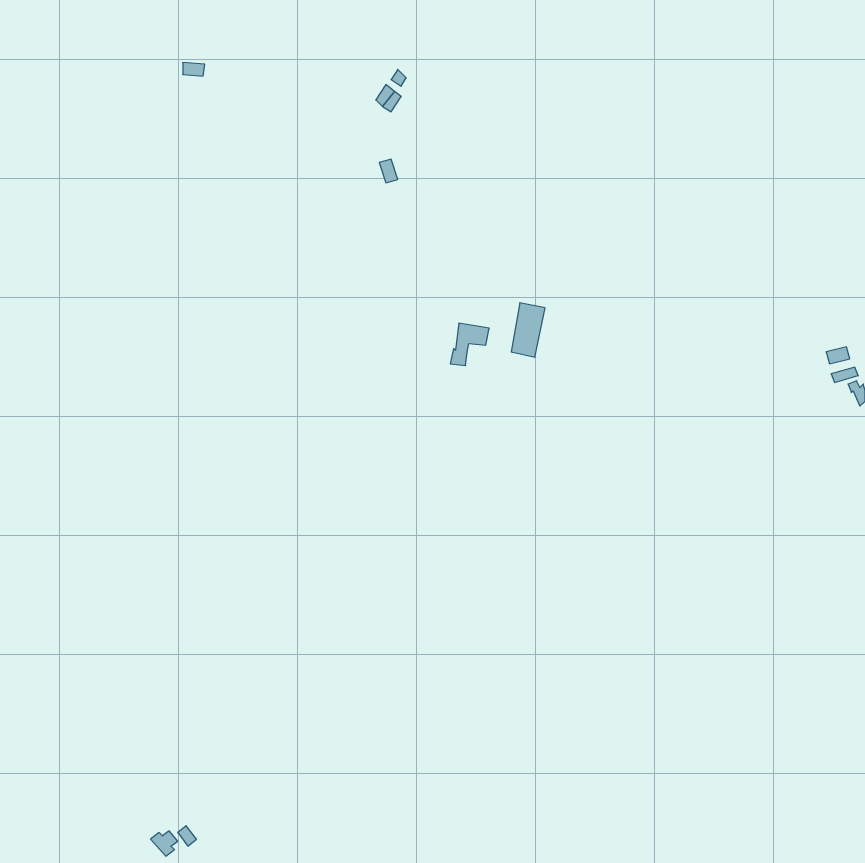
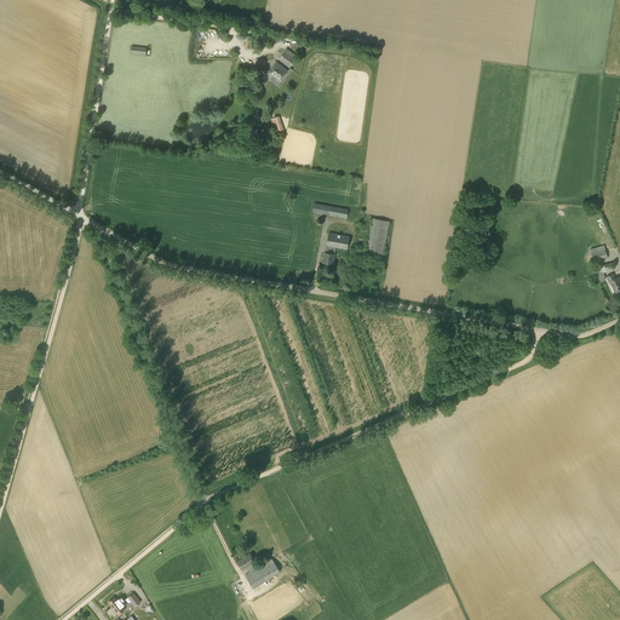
building: none -> [237,552,280,586]

